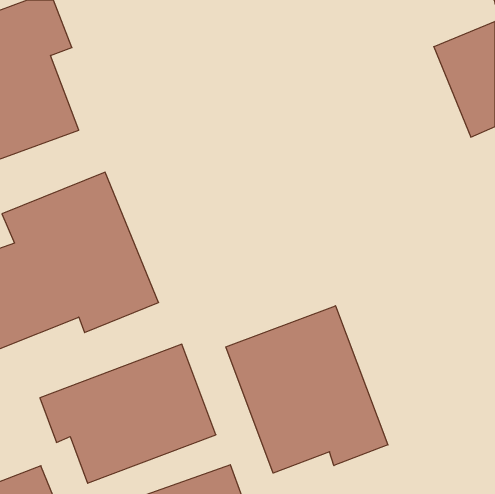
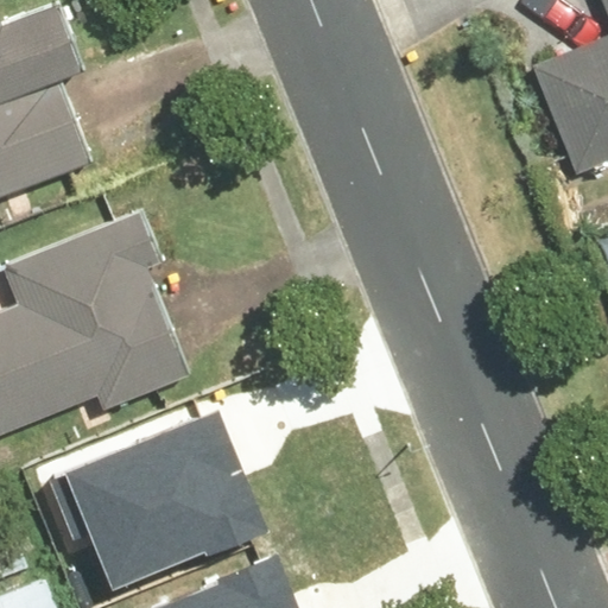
building: [226,306,388,473] -> none

